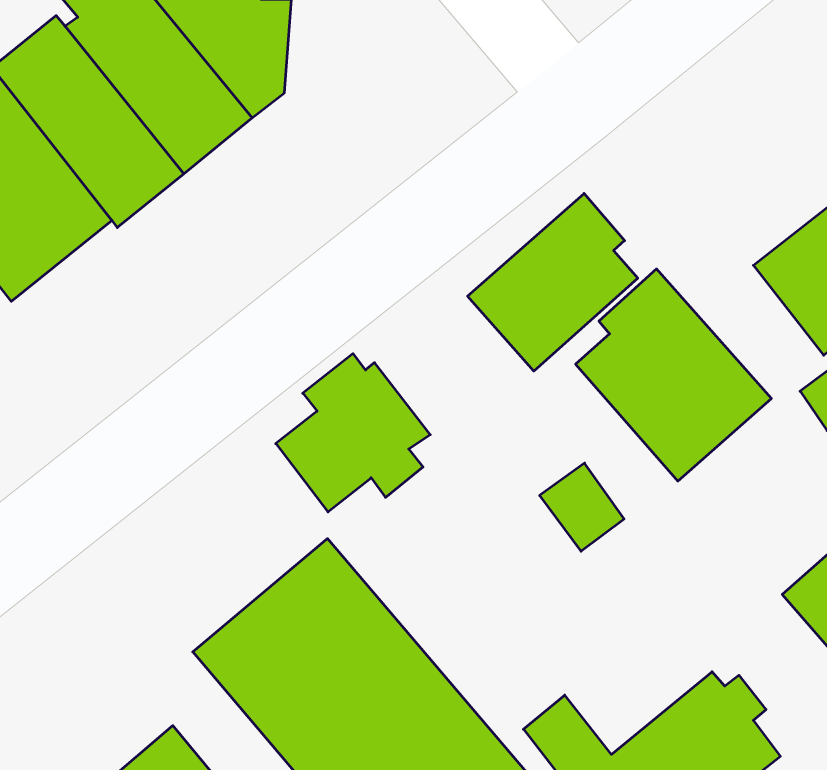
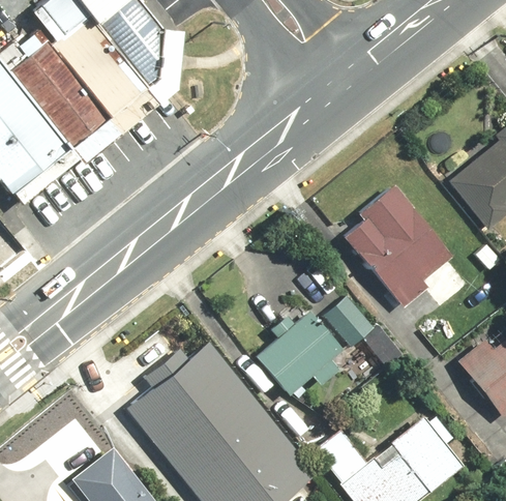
building: [468,193,638,371] -> none
building: [276,354,430,512] -> [256,305,345,396]

